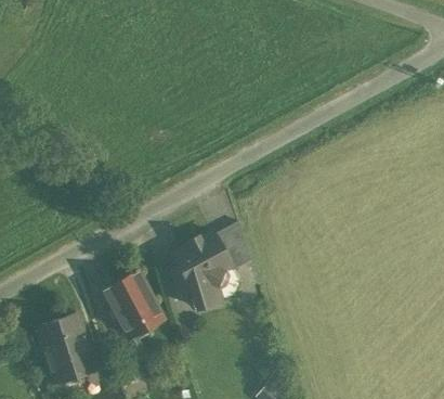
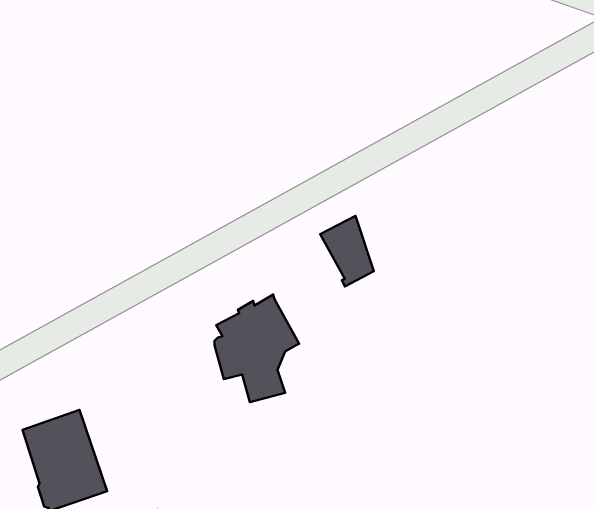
building: [212,223,250,273] -> [320,216,374,286]
building: [102,273,158,338] -> none

